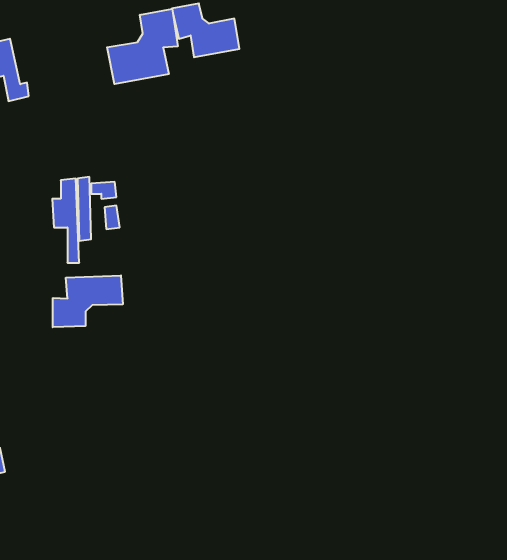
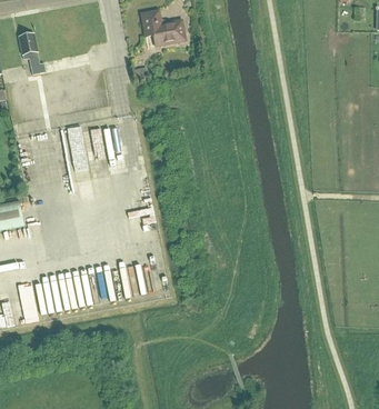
building: [107,9,178,84] -> none
building: [53,275,123,327] -> none

